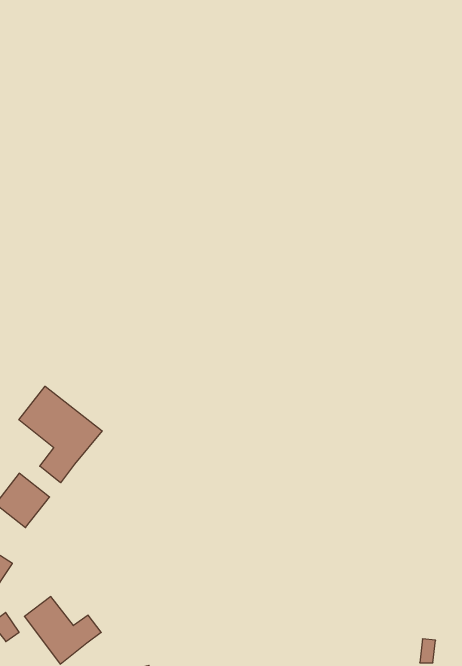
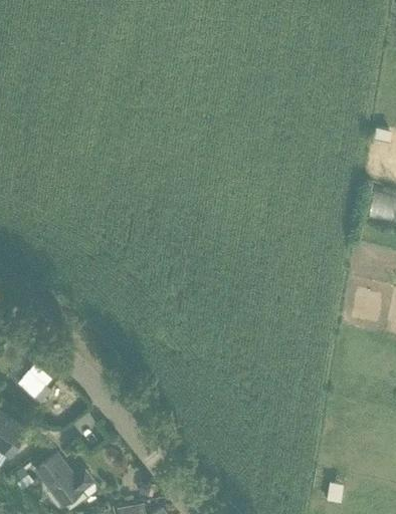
building: [19,386,102,483] -> none

